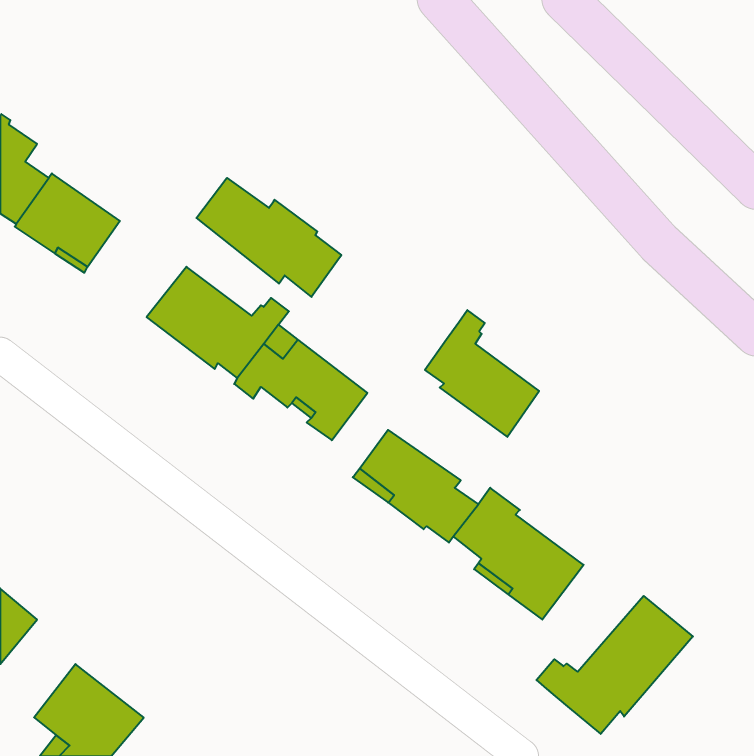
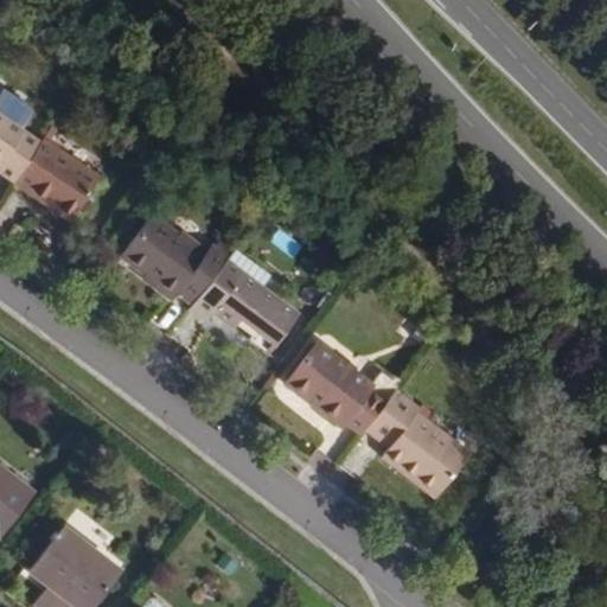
building: [196,178,341,297] -> none
building: [425,310,539,437] -> none
building: [536,596,693,734] -> none

